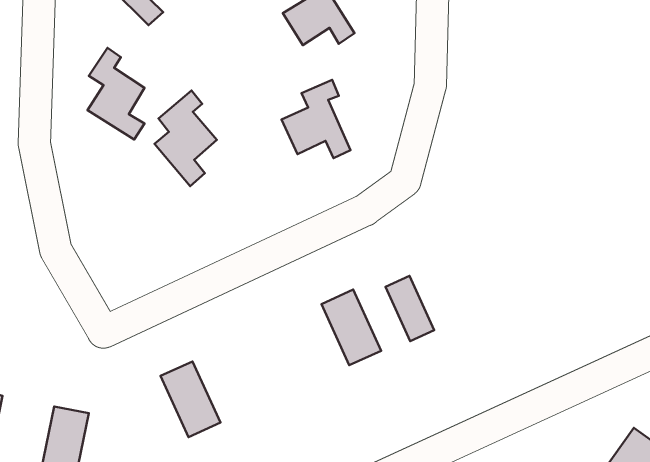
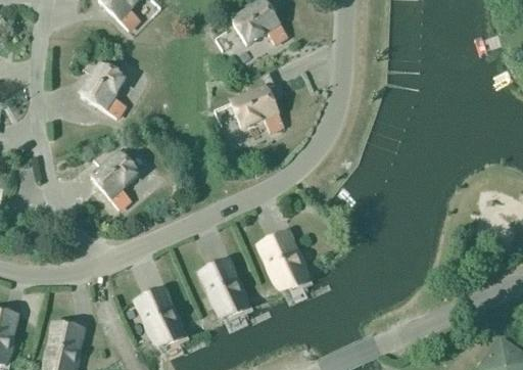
building: [154,91,217,186] -> [90,136,138,210]
building: [385,276,434,341] -> none
building: none -> [203,260,249,318]

